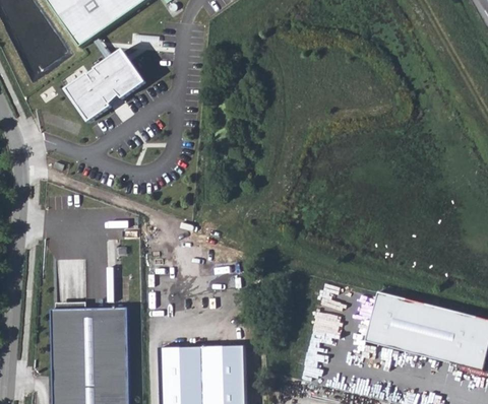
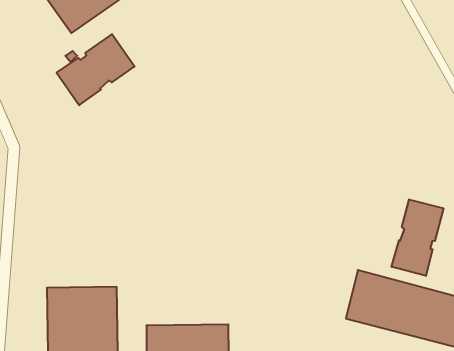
building: none -> [392,199,443,276]

